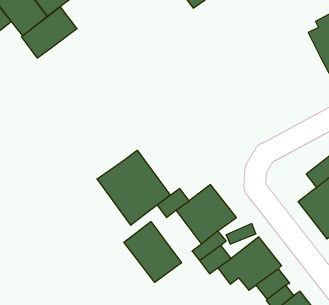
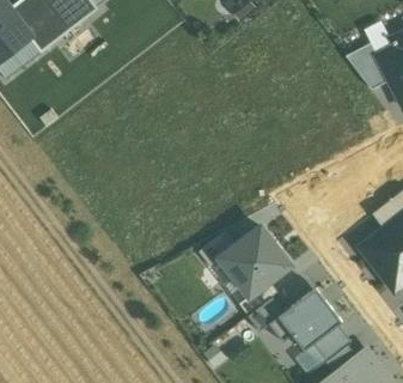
building: [22,7,77,58] -> none
building: none -> [347,42,389,87]
building: [97,150,170,225] -> none
building: [124,222,182,282] -> none

